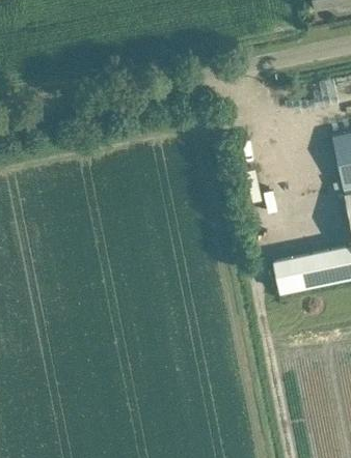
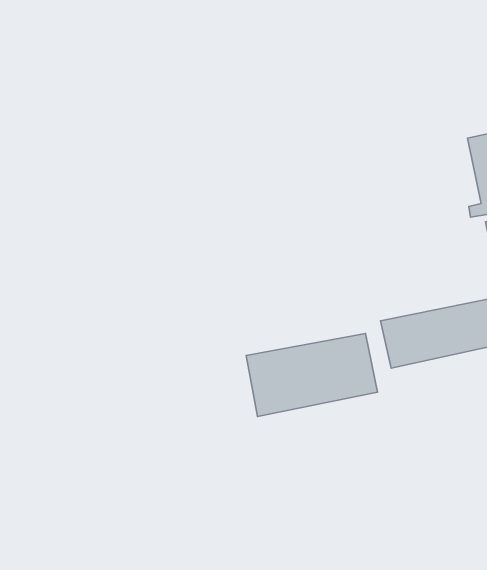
building: none -> [246,334,378,417]

